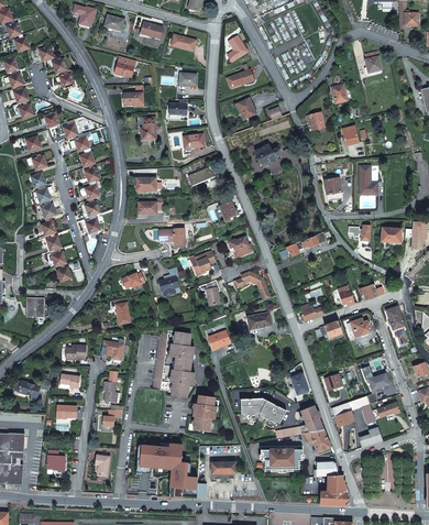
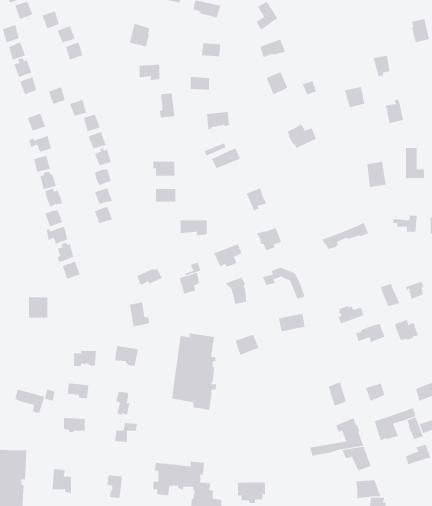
building: [194,395,217,431] -> none
building: [241,398,286,423] -> none
building: [261,446,302,472] -> none

